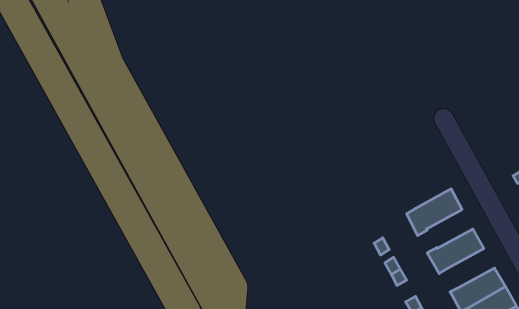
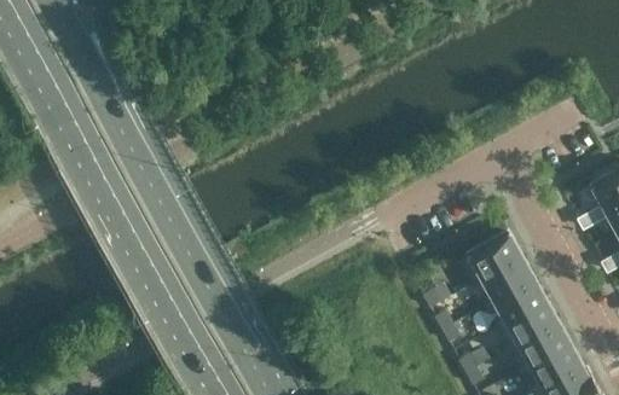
building: none -> [482,256,534,300]
building: none -> [497,300,559,348]

